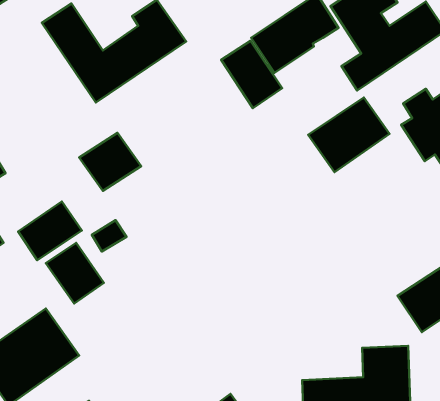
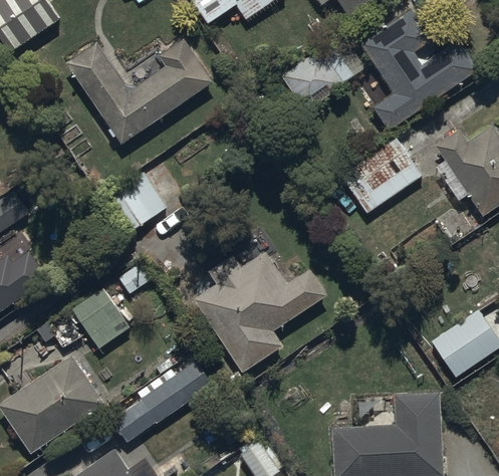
building: [221,41,282,108] -> none
building: [18,202,82,260] -> none
building: none -> [193,251,325,371]
building: none -> [110,363,211,443]

